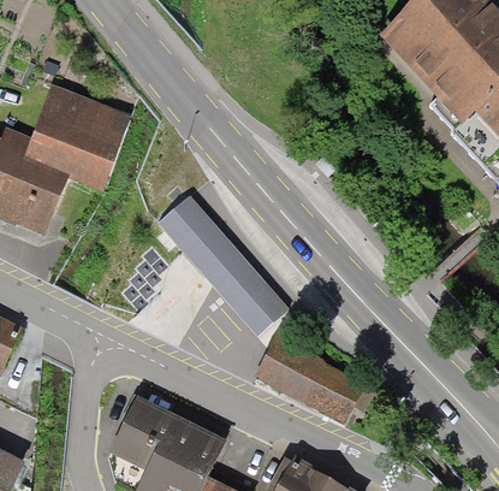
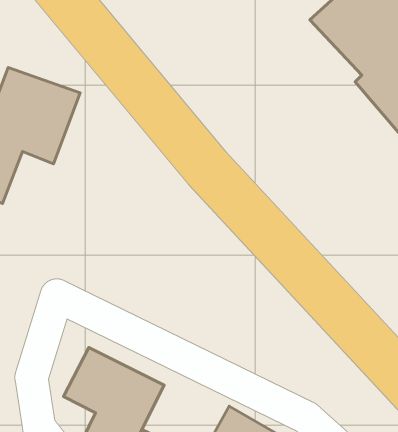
building: [159,197,289,337] -> none
building: [253,326,385,428] -> none

